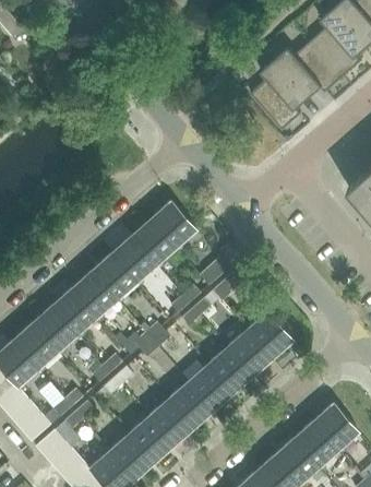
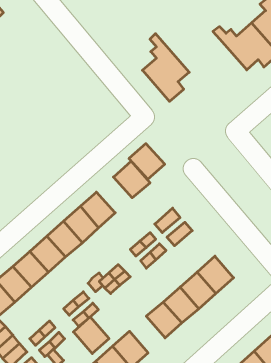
building: [251,51,306,130] -> [142,34,189,101]
building: [131,221,172,262] -> [129,144,165,179]
building: [169,382,211,425] -> [73,317,109,354]

